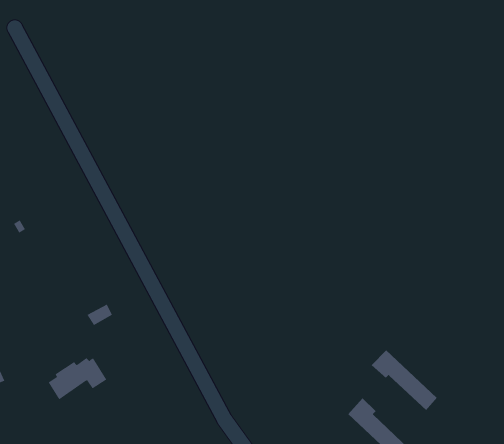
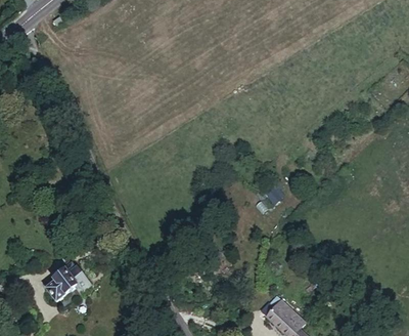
building: [371,349,438,411] -> none

